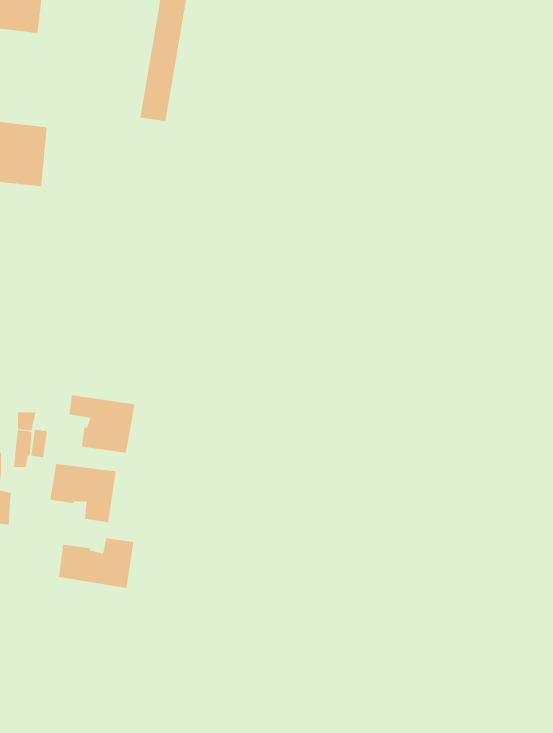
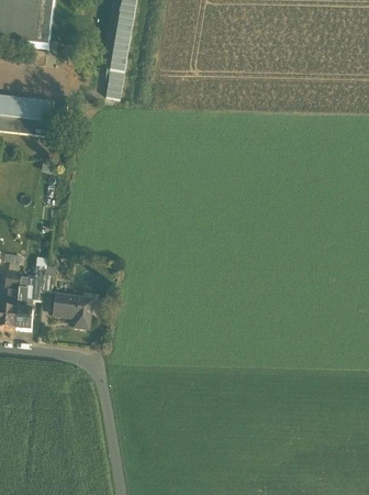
building: [69,394,135,453] -> none
building: [58,537,134,589] -> none

